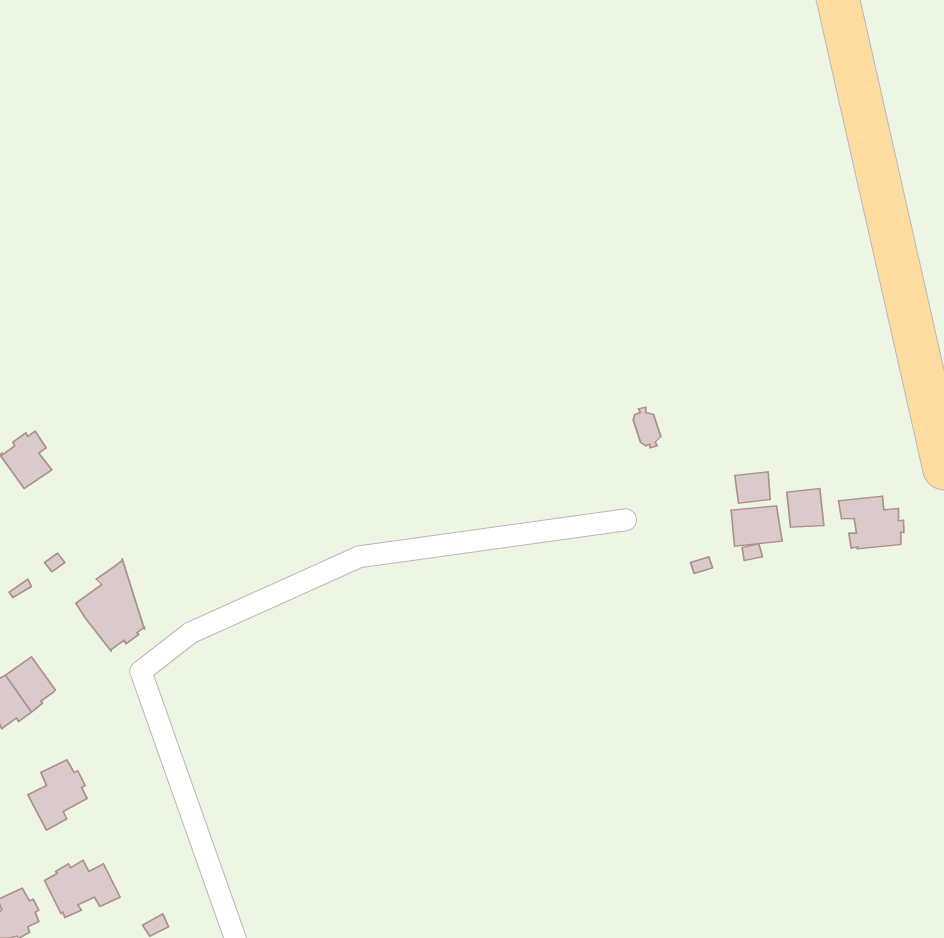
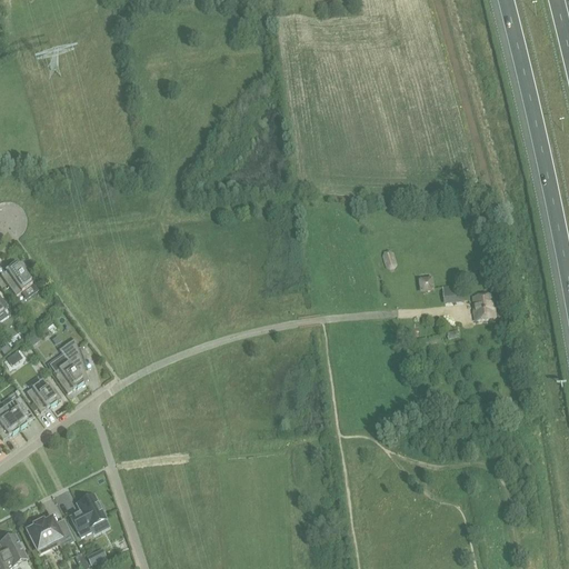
building: [839,496,904,549] -> none
building: [731,506,782,546] -> none
building: none -> [24,379,60,410]
building: [28,760,87,830] -> [69,493,104,536]

